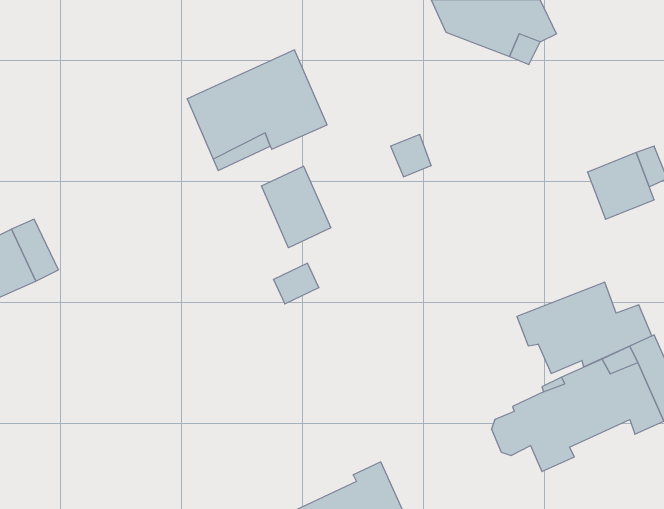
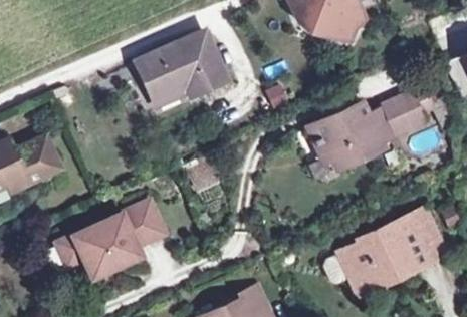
building: [261,166,331,248] -> none
building: [517,282,652,373] -> [308,105,392,162]
building: none -> [57,201,165,277]

